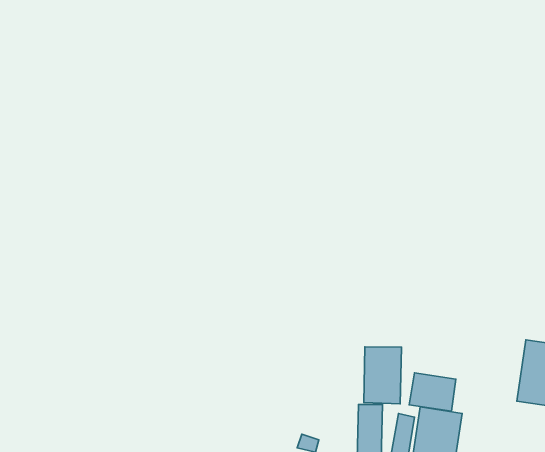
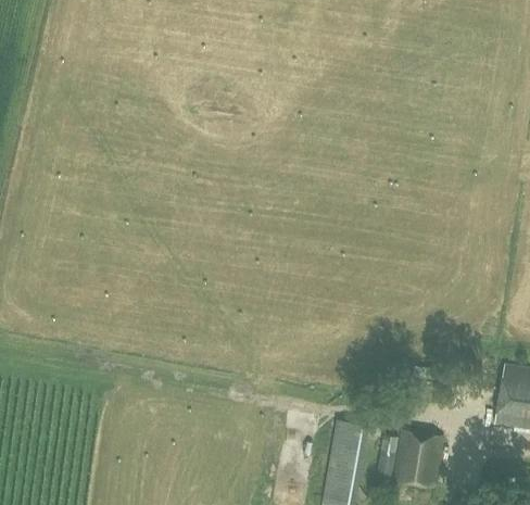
building: [364,347,402,404] -> none
building: [409,373,456,411] -> none

